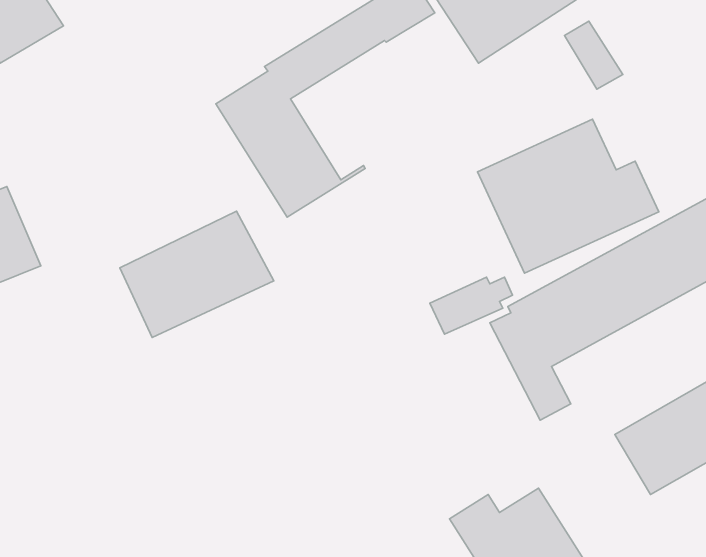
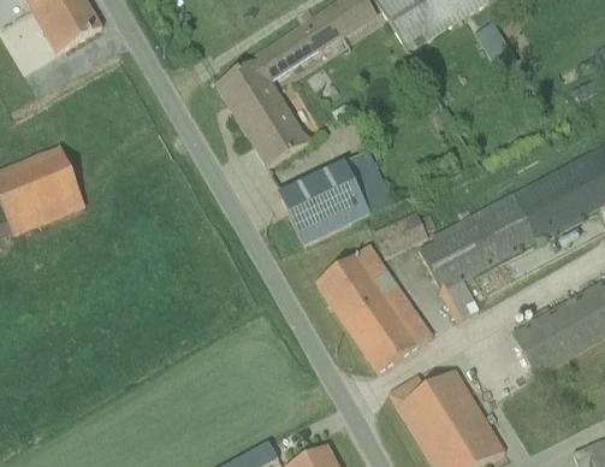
building: [477,119,659,273] -> none
building: [120,211,274,338] -> [279,150,393,244]
building: none -> [315,243,433,371]

